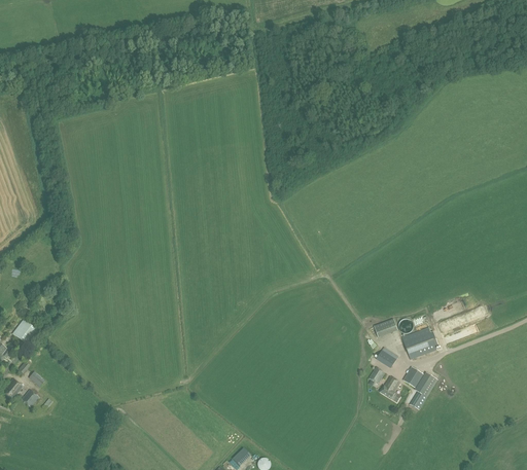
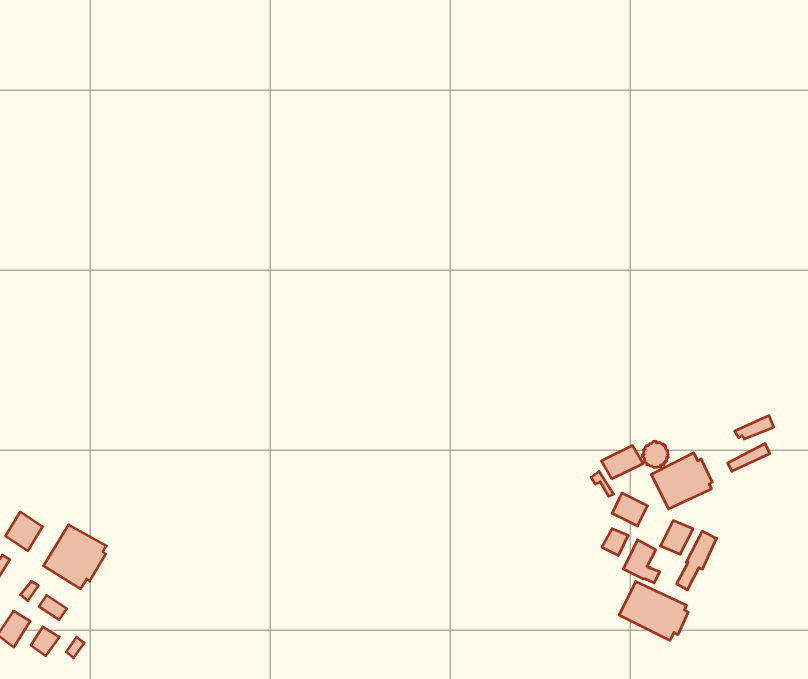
building: none -> [43,525,106,589]
building: none -> [619,581,688,640]

